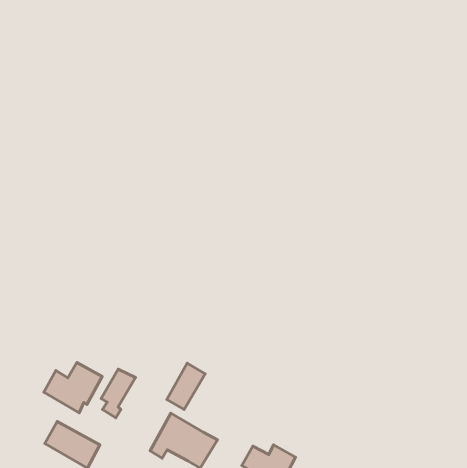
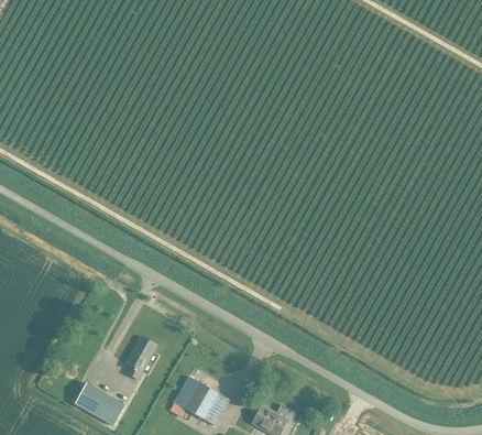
building: [44,363,102,413] -> none
building: [167,363,205,409] -> none

